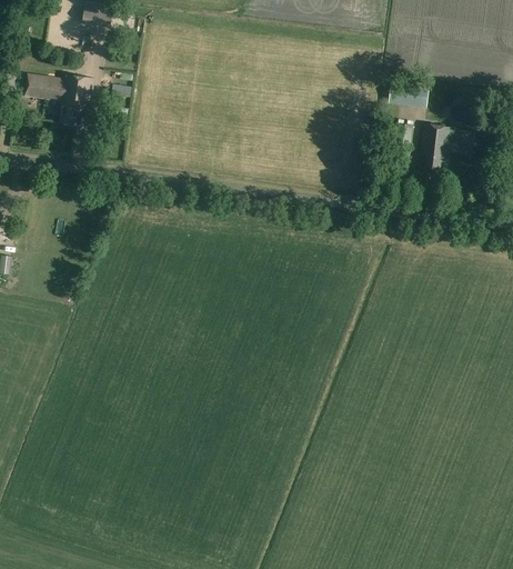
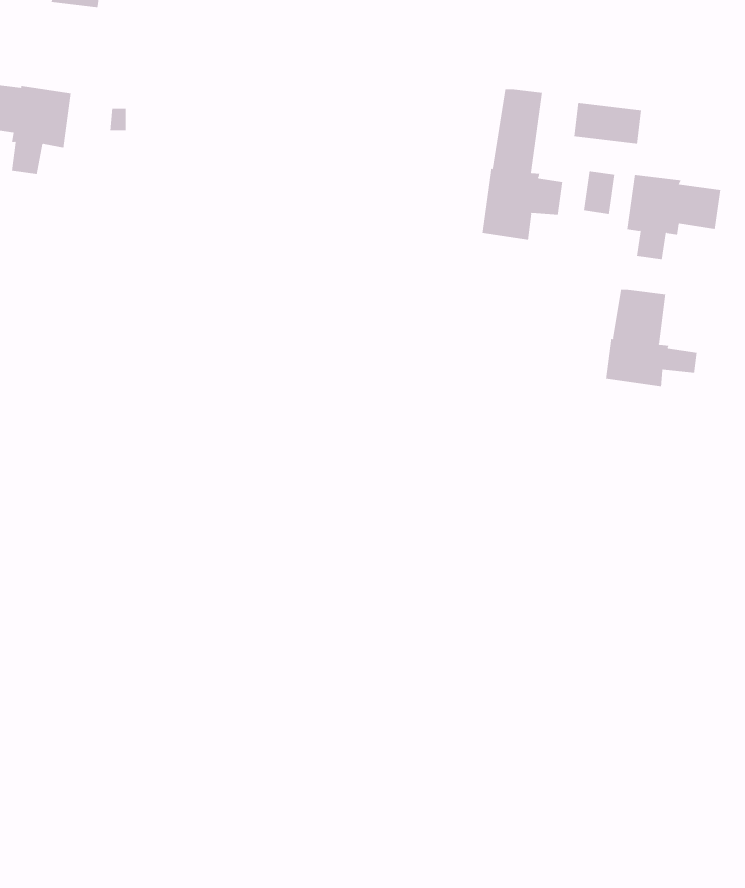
building: none -> [482,89,563,241]
building: none -> [605,289,697,387]

